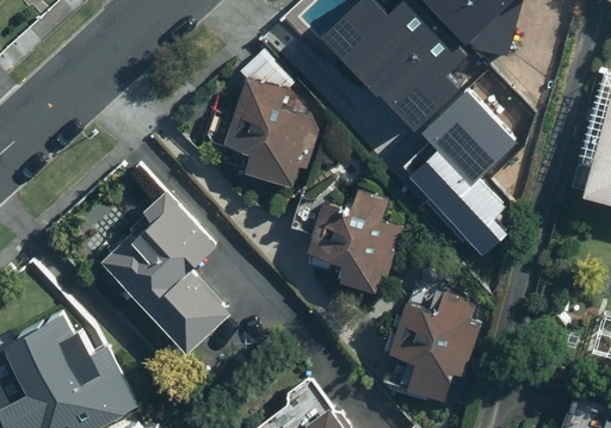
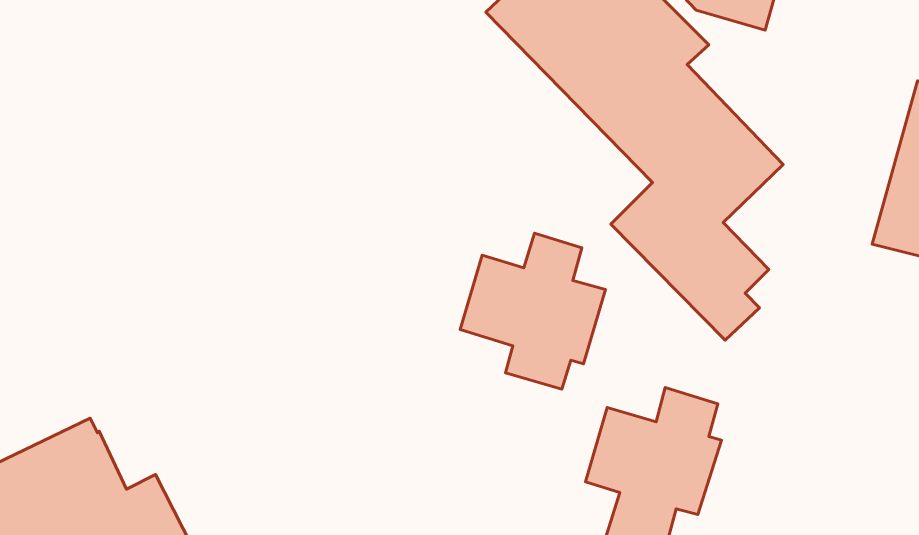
building: [223,76,321,188] -> none
building: [99,191,229,353] -> none

